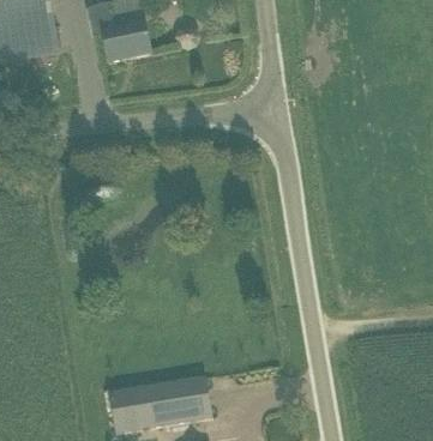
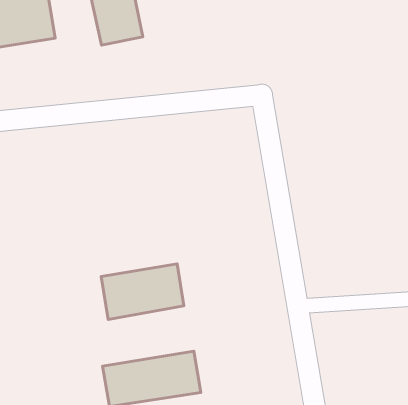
building: none -> [101,264,184,319]

